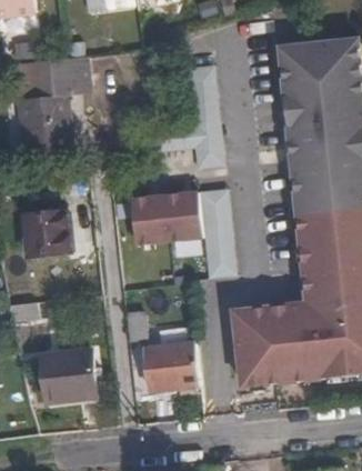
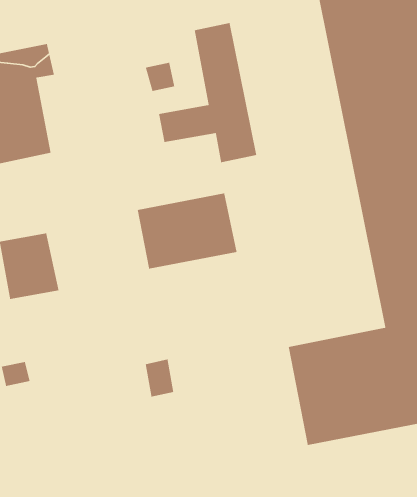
building: [197,189,234,278] -> none
building: [143,343,199,392] -> none
building: [41,351,95,400] -> none

